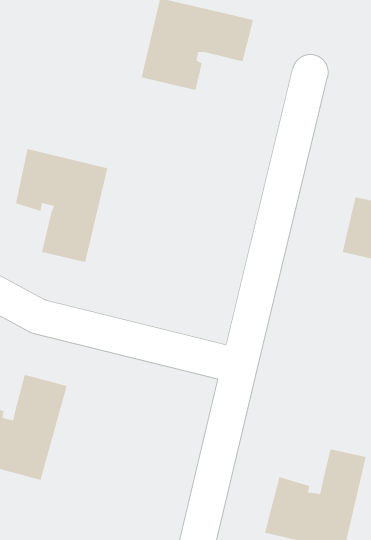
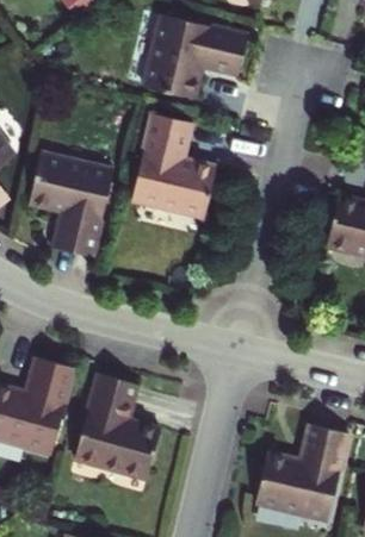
building: none -> [132,114,216,218]
building: none -> [75,374,162,479]

